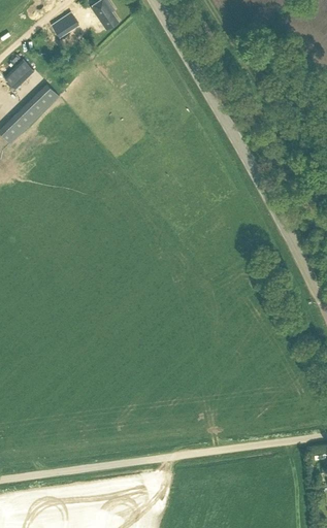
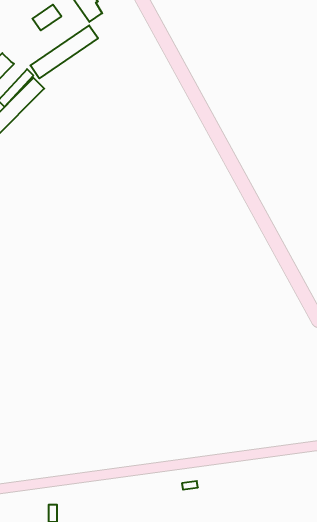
building: none -> [30,25,98,78]

